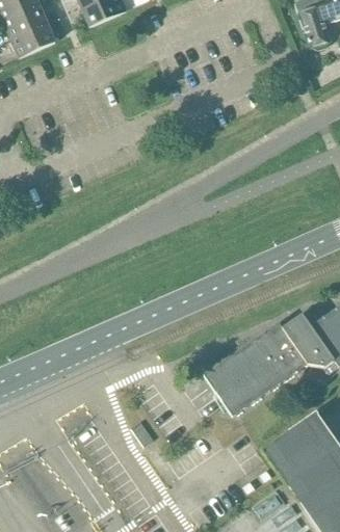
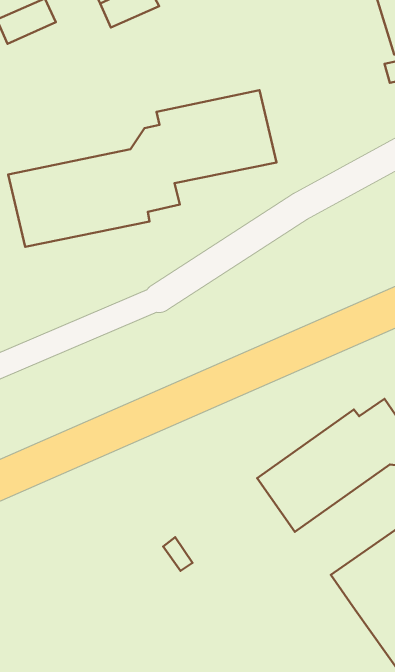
building: [10,22,56,57] -> none
building: none -> [8,90,276,247]

